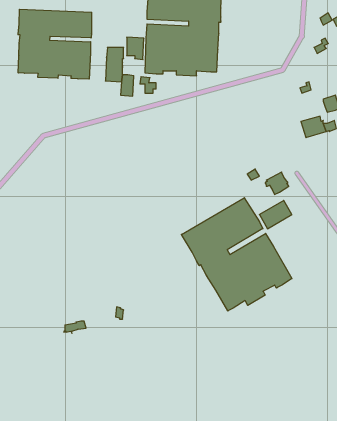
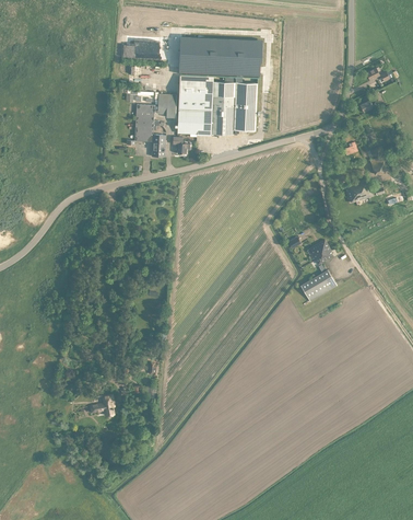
building: [18,9,92,79] -> none
building: [181,198,292,311] -> none

